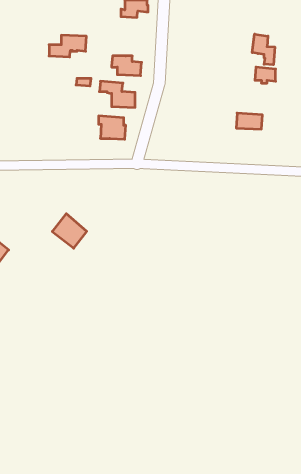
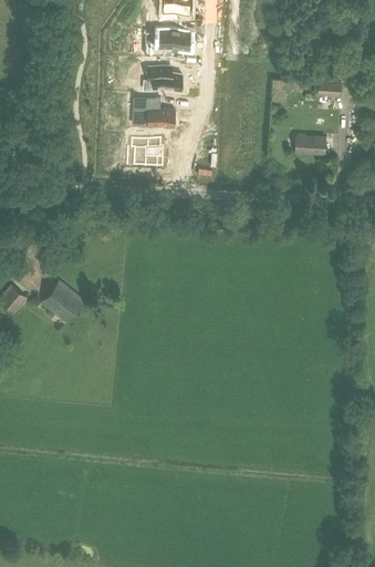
building: [252,34,275,65] -> none
building: [49,35,86,57] -> [145,30,189,55]
building: [52,214,87,248] -> [42,279,83,320]

